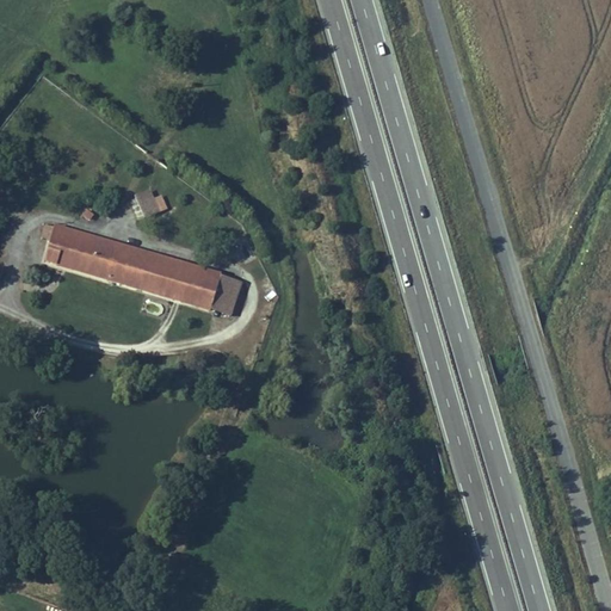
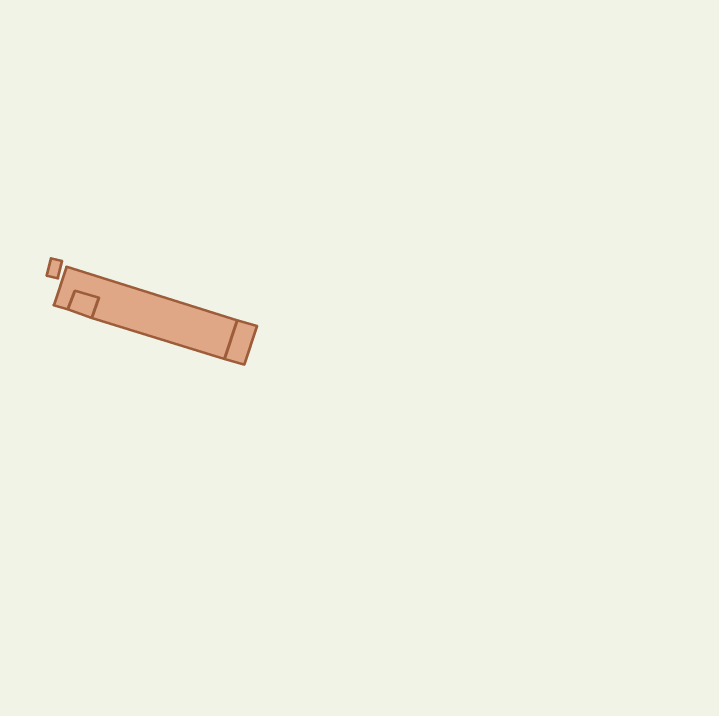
building: [136,183,167,215] -> none
building: [209,276,240,314] -> none

